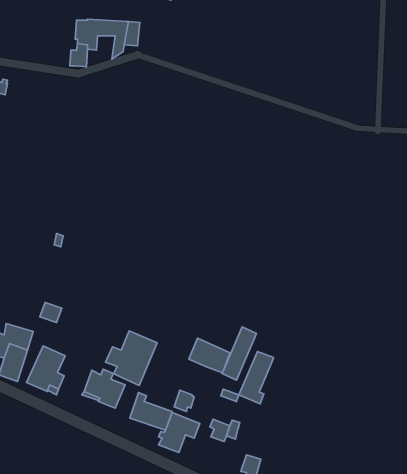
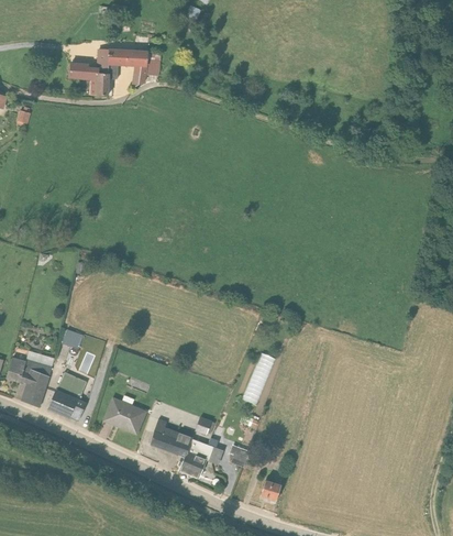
building: none -> [67,63,98,80]
building: [105,331,157,385] -> none
building: [189,338,230,373] -> none
building: [239,351,273,404] -> none

